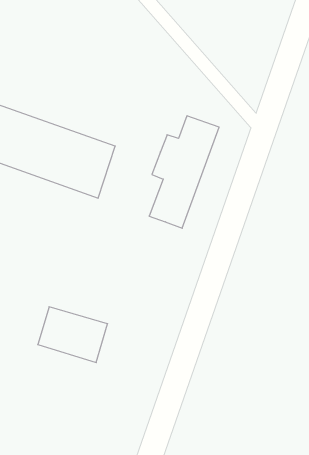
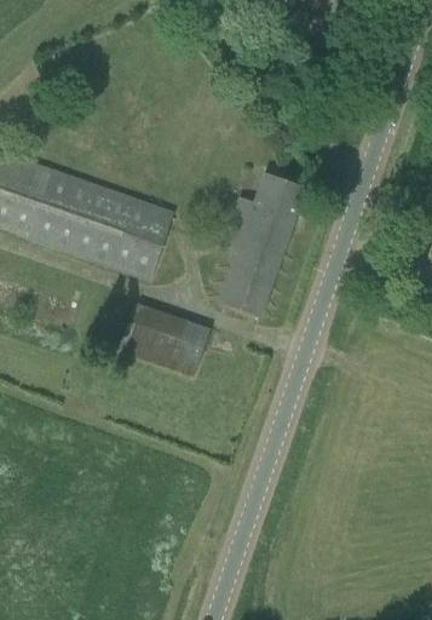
building: [38,307,108,363] -> [119,304,208,375]

